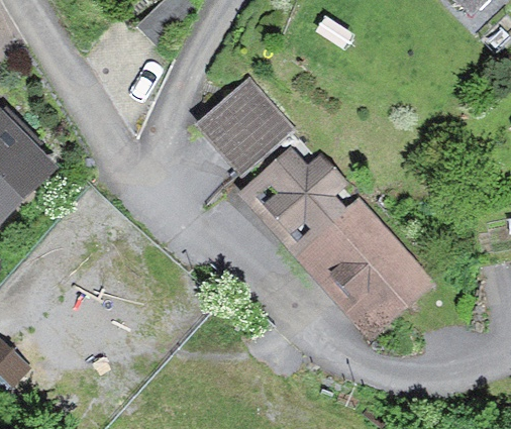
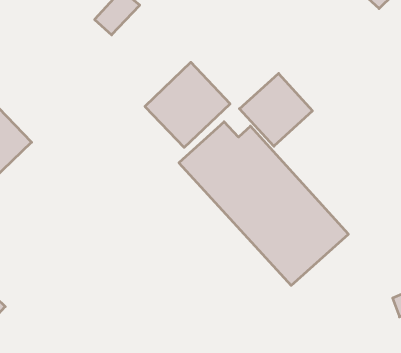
building: none -> [239,73,312,146]

